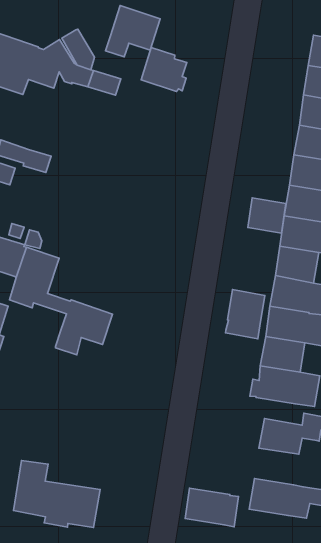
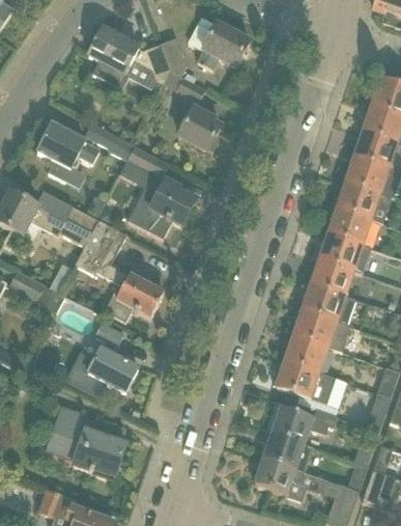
building: [141,47,187,92] -> [177,107,220,149]
building: none -> [125,144,168,176]
building: none -> [126,179,195,237]
building: [248,198,286,233] -> none
building: [225,290,265,339] -> none
building: none -> [64,322,138,397]
building: [185,488,238,527] -> [262,431,312,471]

